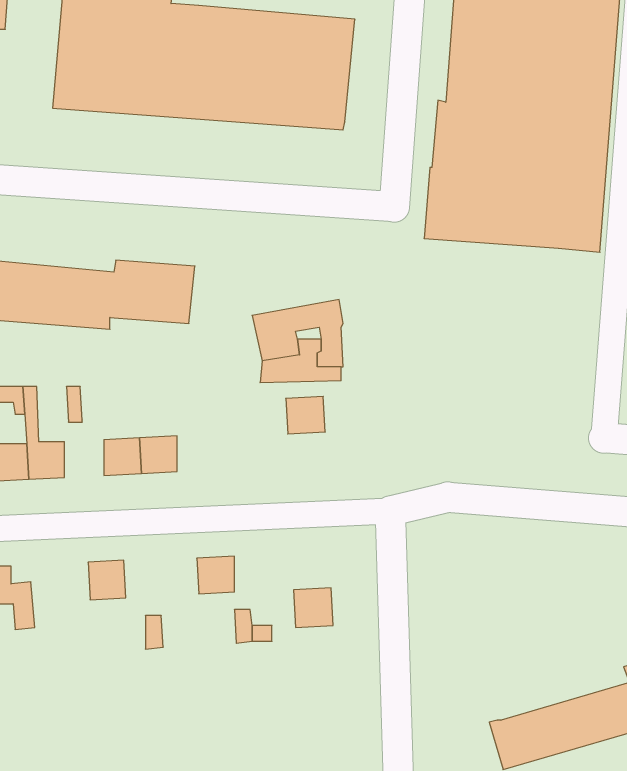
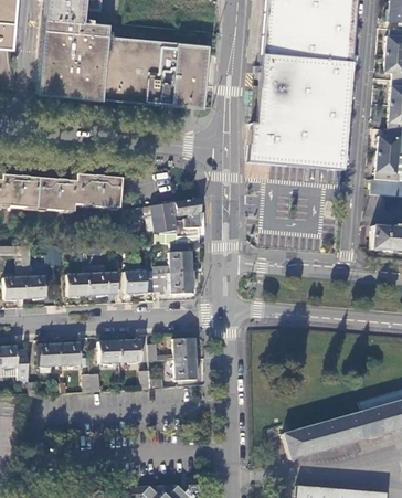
building: none -> [126,272,148,293]
building: none -> [155,272,193,294]
building: none -> [173,338,195,360]
building: none -> [99,342,121,363]
building: none -> [39,345,61,367]

